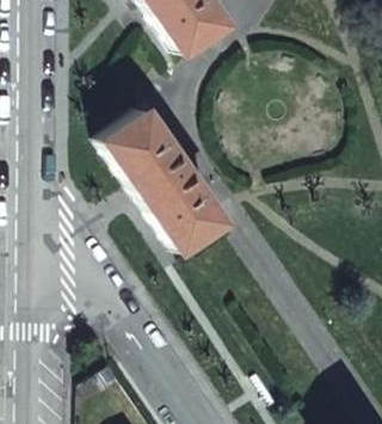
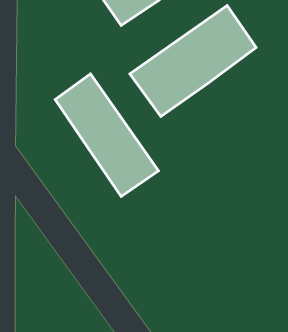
building: none -> [130,5,256,117]

